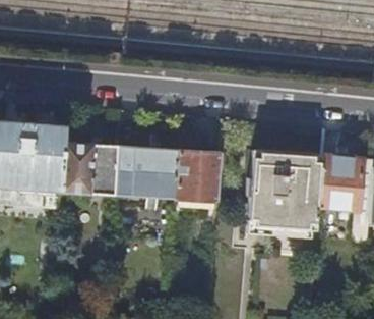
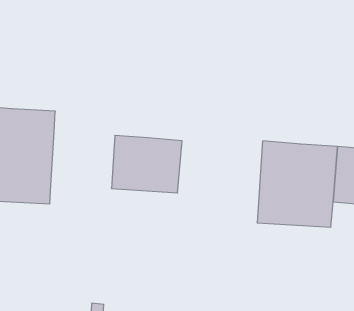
building: [62,143,121,195] -> none
building: [179,151,225,202] -> none

